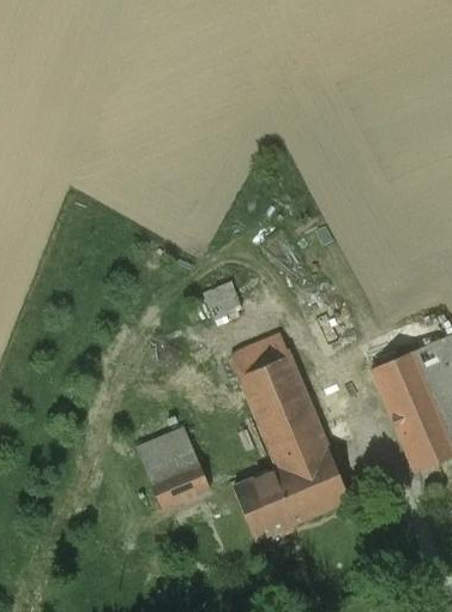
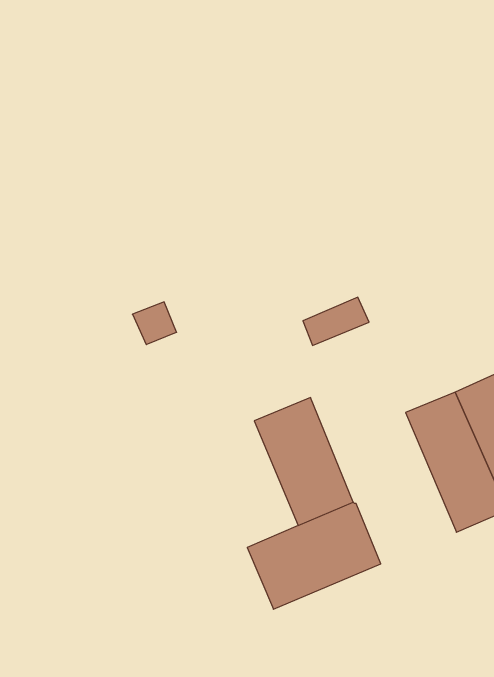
building: [203,282,241,319] -> [132,302,177,345]
building: [230,334,288,376] -> [303,297,369,345]
building: [135,430,207,508] -> none

